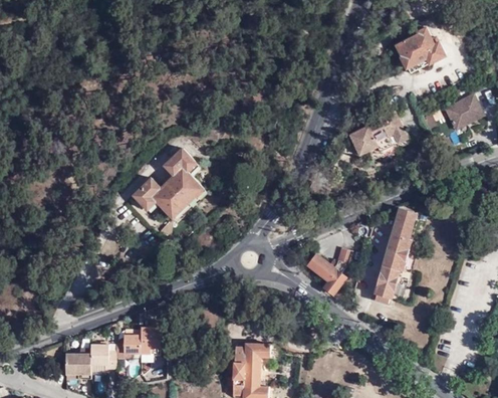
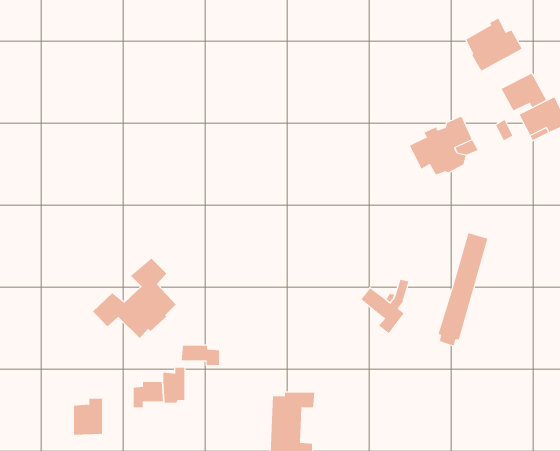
building: none -> [501,73,547,111]
building: [134,150,205,218] -> [92,258,177,339]
building: none -> [181,345,219,366]
building: [91,345,116,368] -> none

